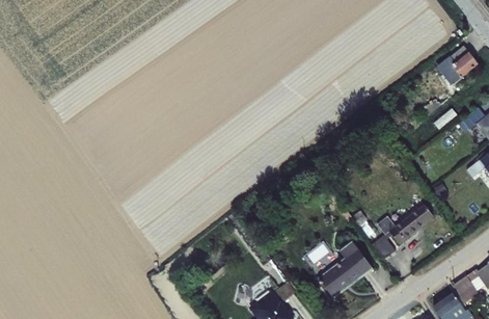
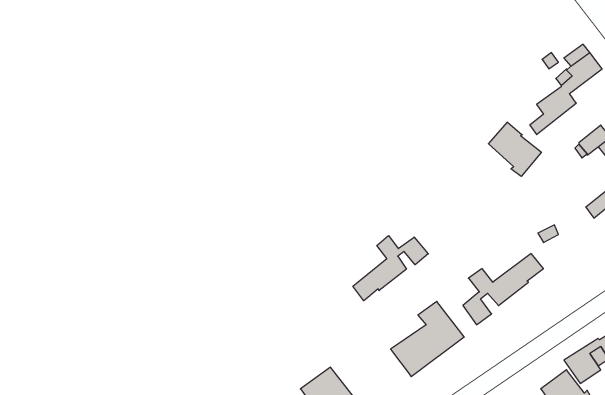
building: none -> [488,122,541,176]
building: none -> [353,236,428,301]

